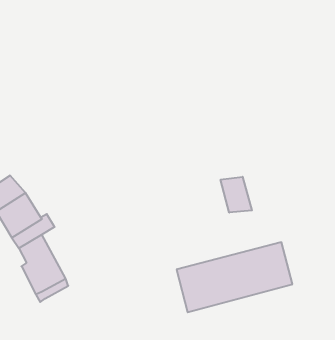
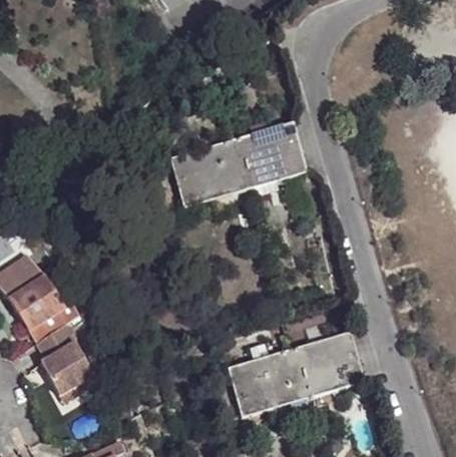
building: none -> [167,124,302,206]
building: [221,177,252,213] -> none

